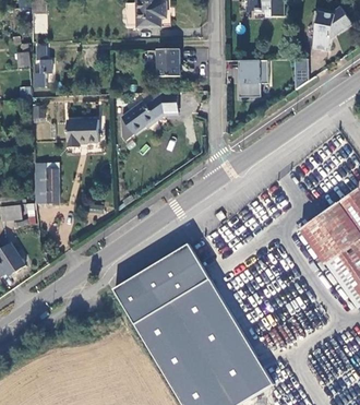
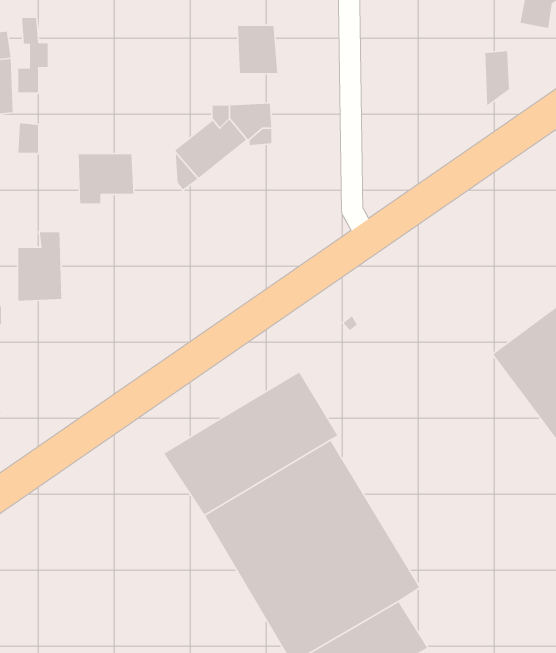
building: [241,59,271,97] -> none

